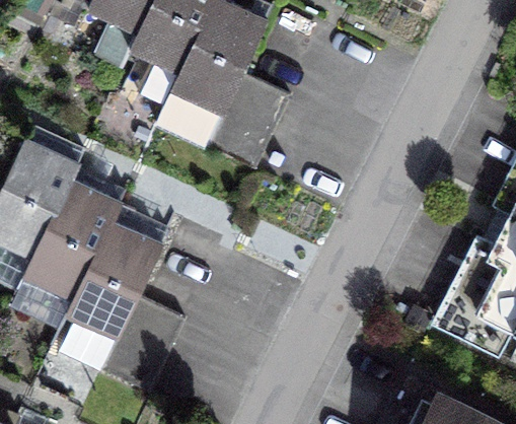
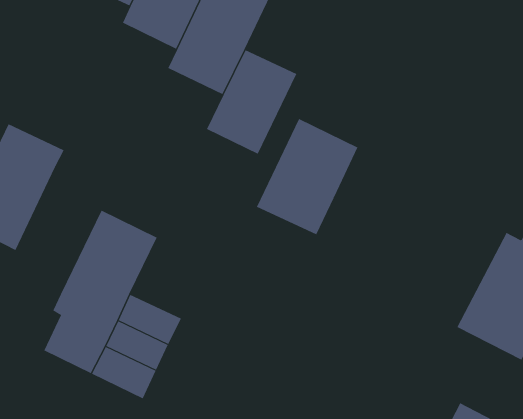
building: none -> [256,118,358,235]
building: [25,178,119,294] -> none

